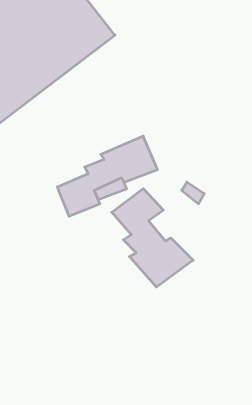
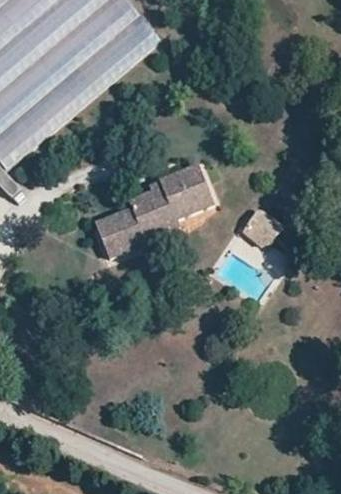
building: [112,189,193,287] -> none

